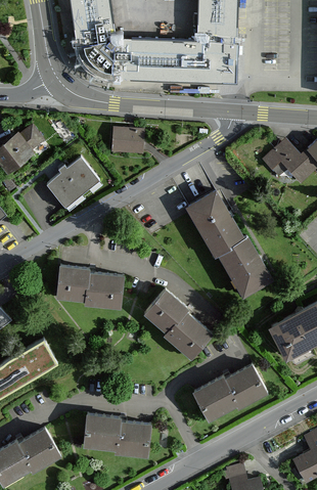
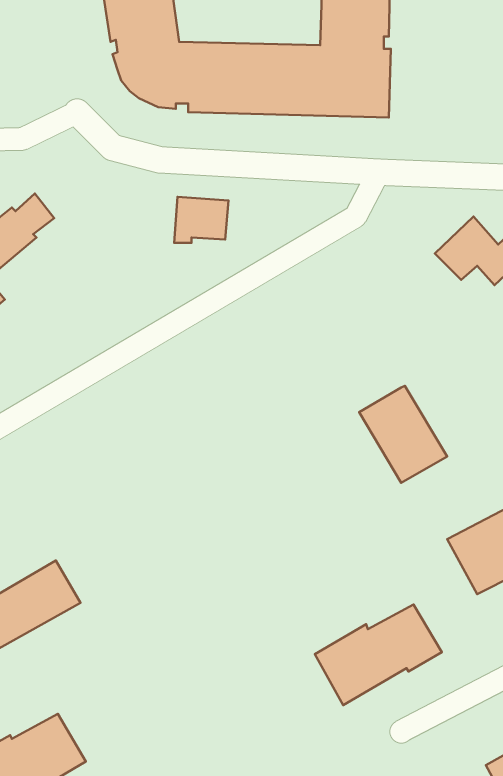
building: [46,158,98,208] -> none
building: [187,191,243,256] -> none
building: [56,267,123,309] -> none
building: [144,289,211,359] -> none
building: [82,414,149,457] -> none

